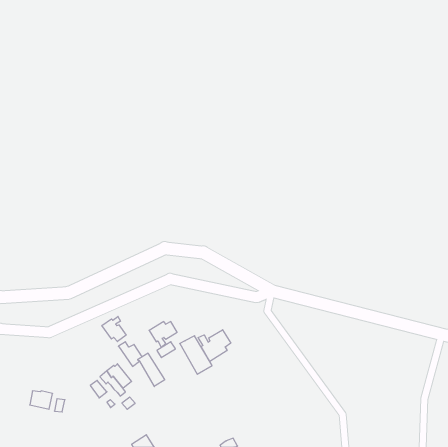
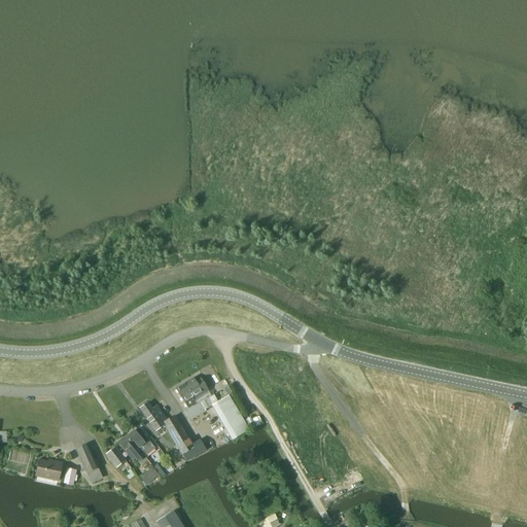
building: [102,316,126,342] -> none
building: [198,330,231,361] -> none
building: none -> [75,444,102,482]

